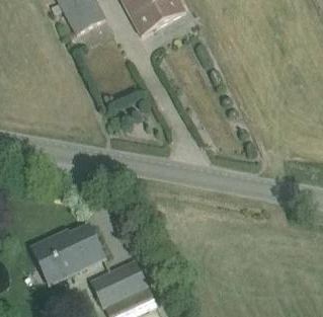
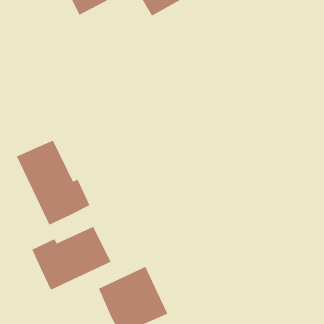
building: none -> [16,140,90,225]

